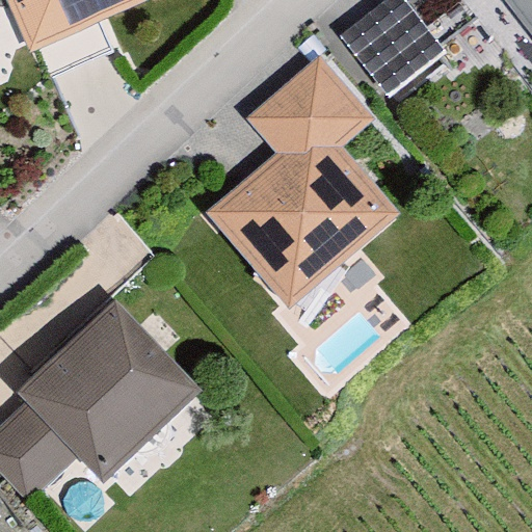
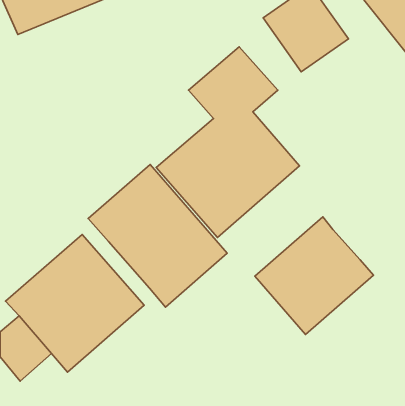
building: none -> [88,165,227,307]
building: none -> [255,217,374,335]

